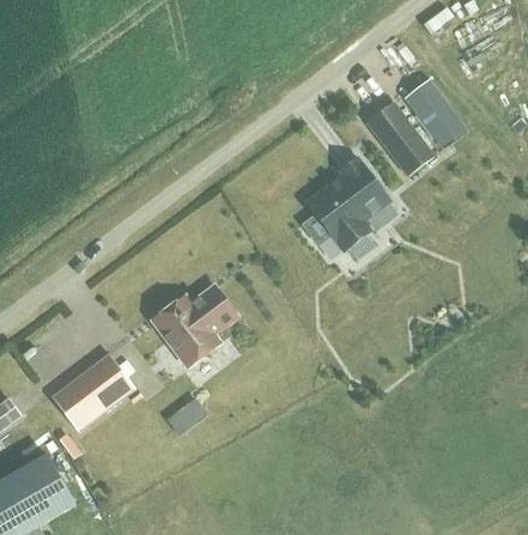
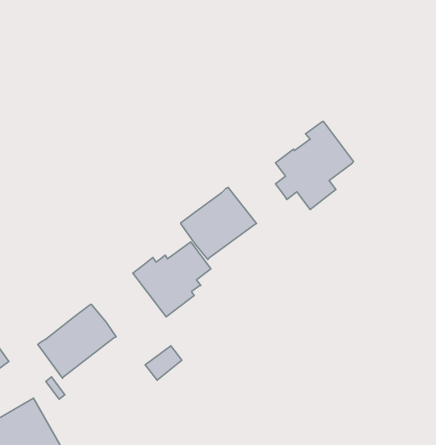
building: [405,79,467,147] -> none
building: [368,102,433,175] -> none
building: none -> [181,187,256,260]

